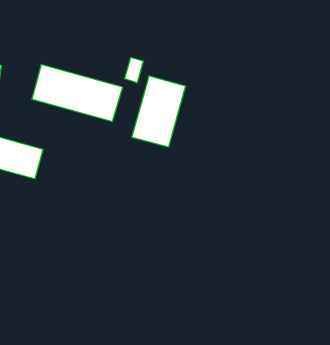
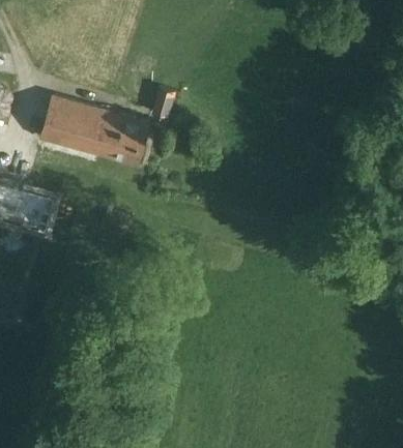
building: [132,76,185,147] -> none

